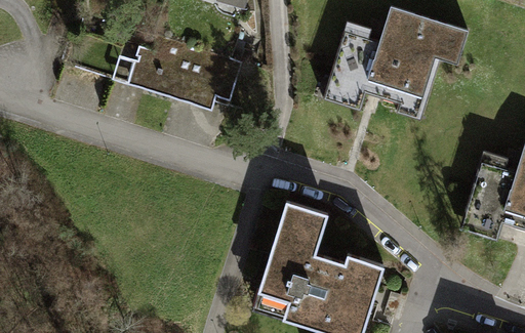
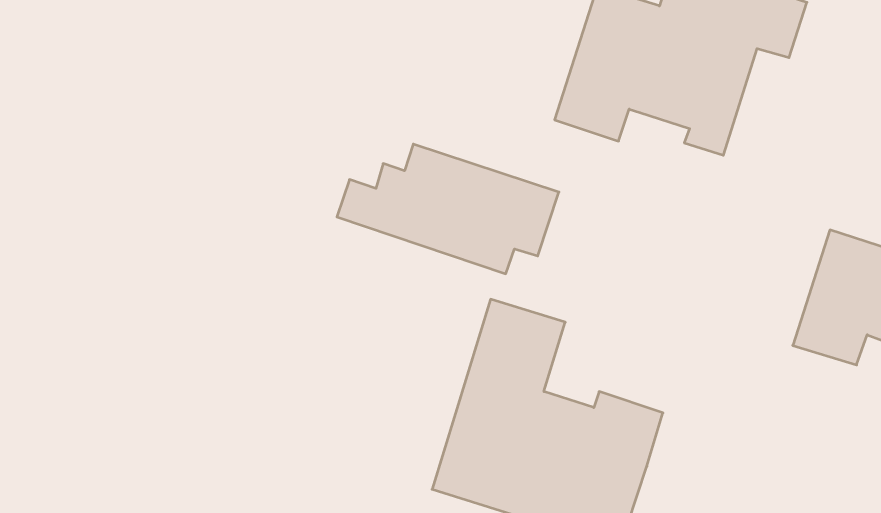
building: [113,34,241,109] -> [337,144,559,274]

